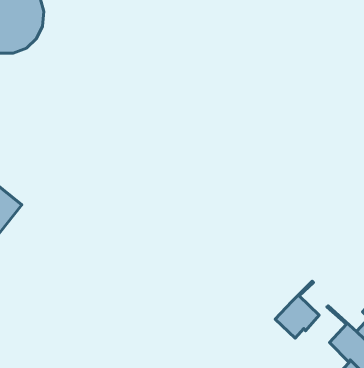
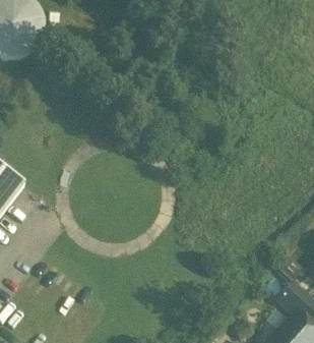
building: [275,281,319,338] -> none

